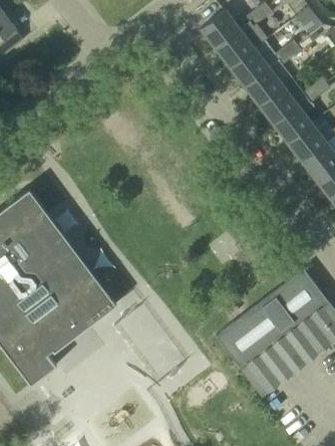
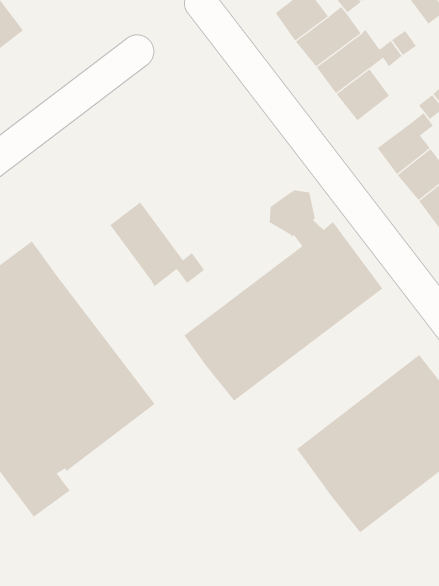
building: [259,86,297,124] -> none
building: none -> [184,189,383,401]
building: none -> [109,202,205,287]

